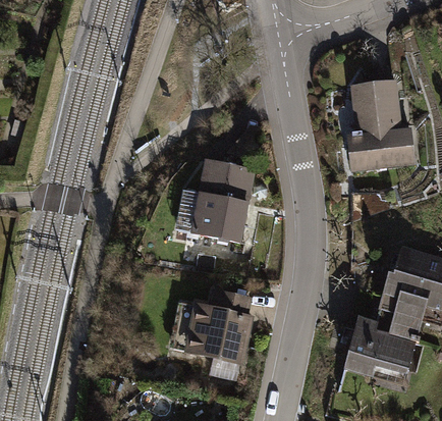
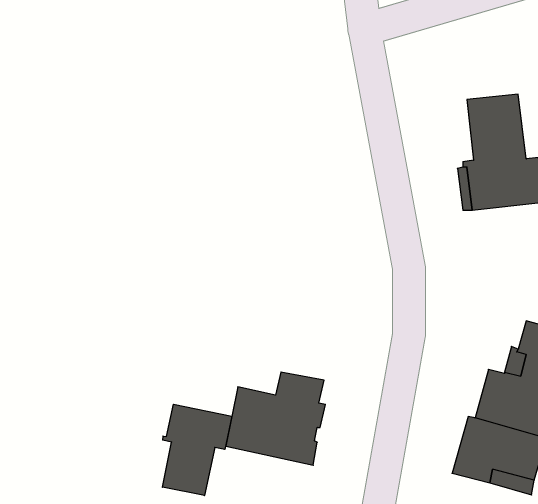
building: [178,161,253,257] -> none
building: none -> [162,404,232,496]

